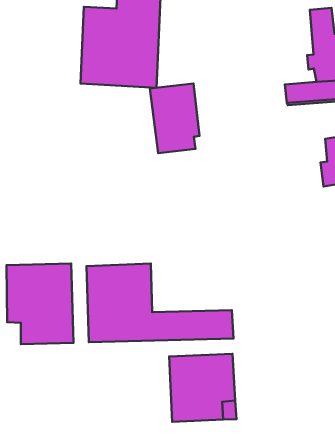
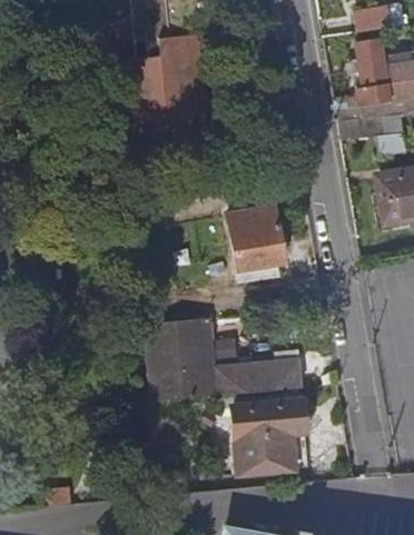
building: [150,84,199,153] -> [229,207,283,280]
building: [6,263,73,344] -> none

